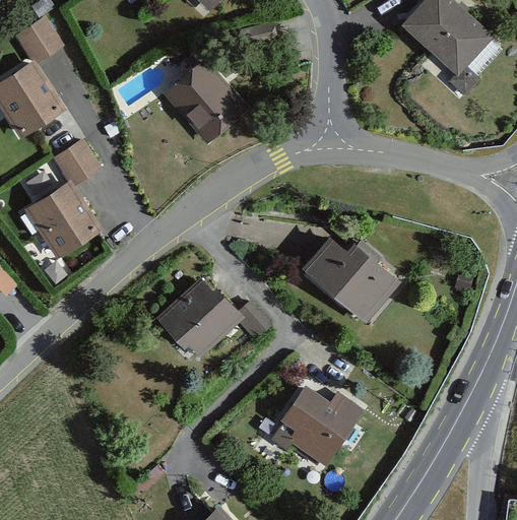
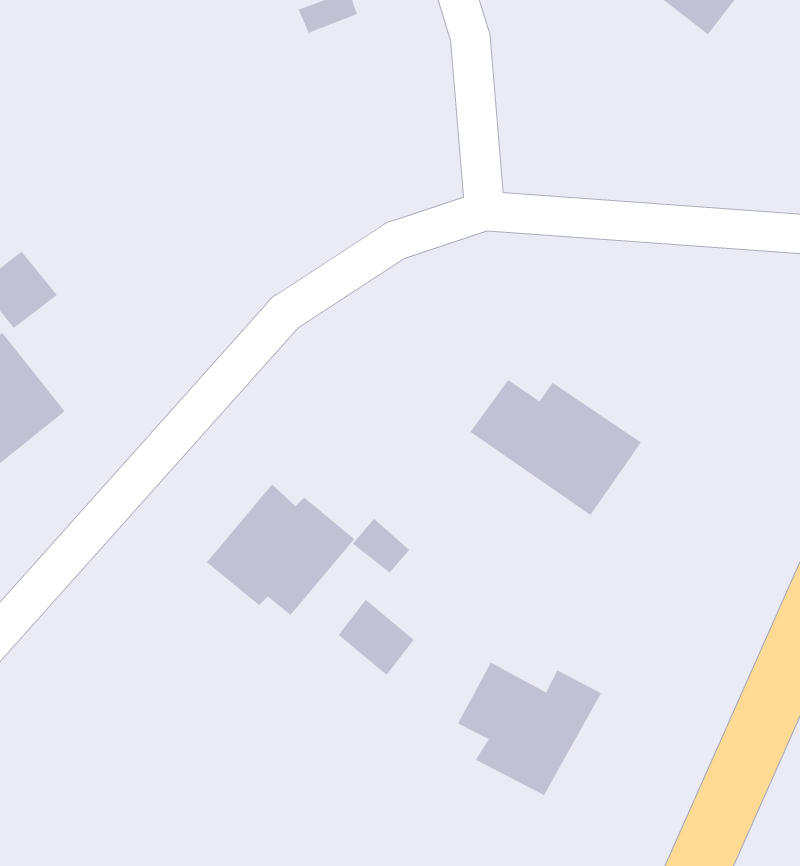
building: [169,64,244,140] -> none
building: none -> [338,599,415,676]

